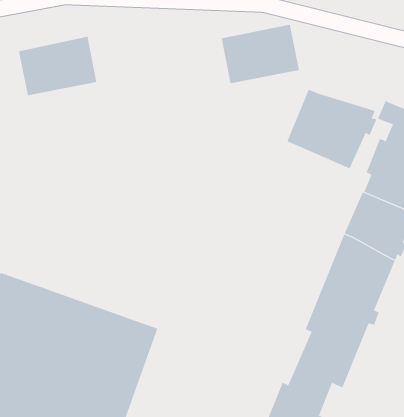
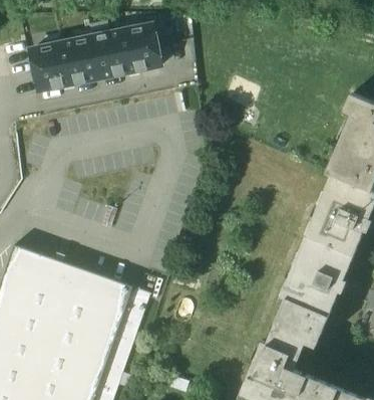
building: [221,24,300,84] -> [90,26,159,78]
building: [287,89,377,169] -> none

